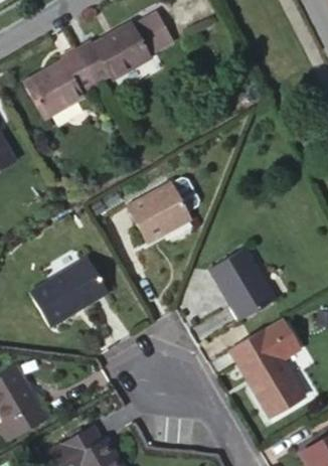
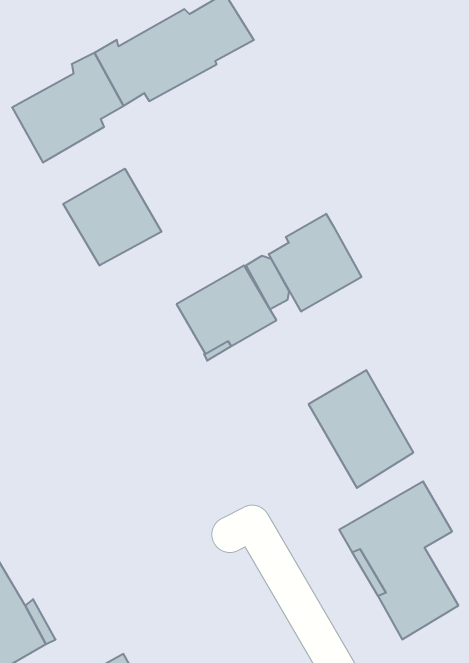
building: none -> [63,169,161,266]
building: none -> [269,214,361,312]
building: [29,258,108,327] -> none

